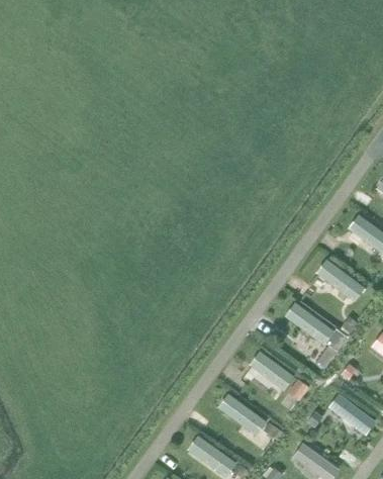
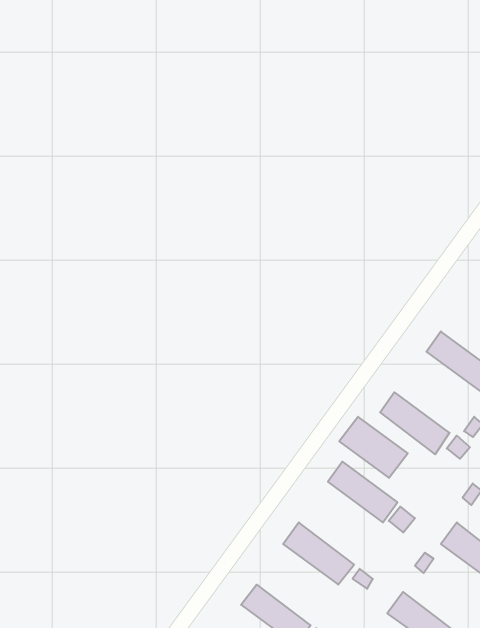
building: none -> [339,417,408,478]

